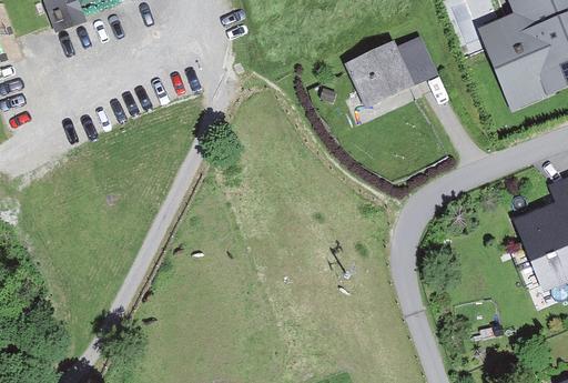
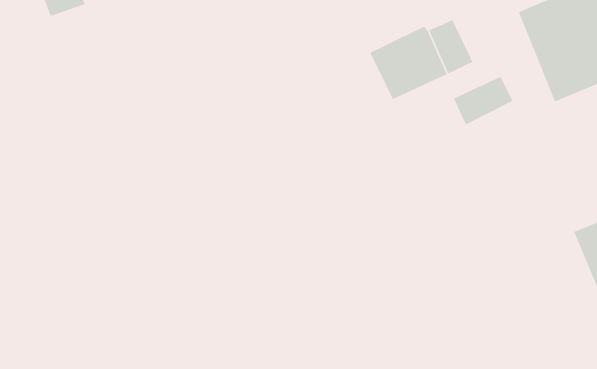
building: none -> [453,76,513,125]

